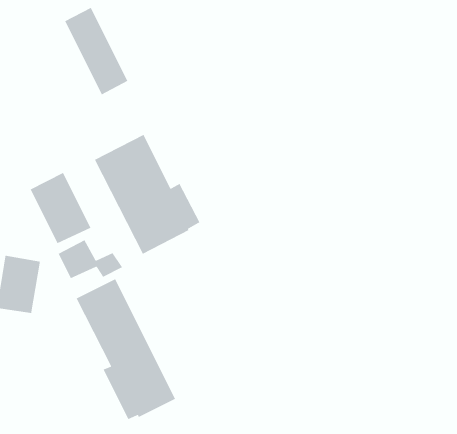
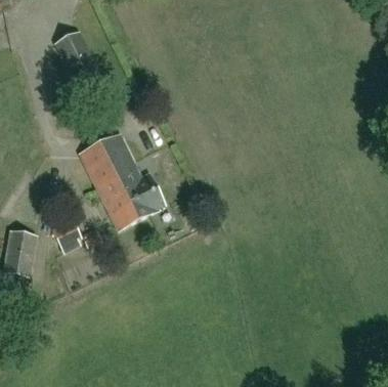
building: [29,172,92,244] -> none
building: [75,278,176,420] -> none

